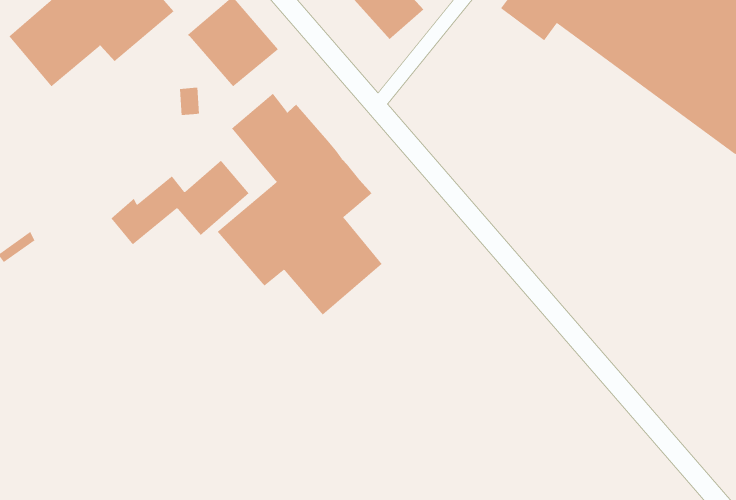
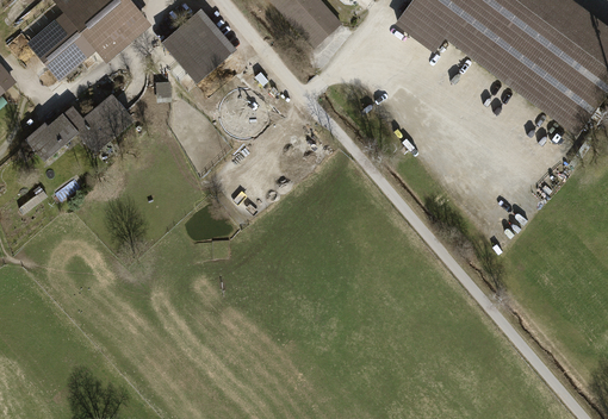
building: [217,93,383,315] -> none
building: [110,160,250,245] -> [27,94,132,158]

